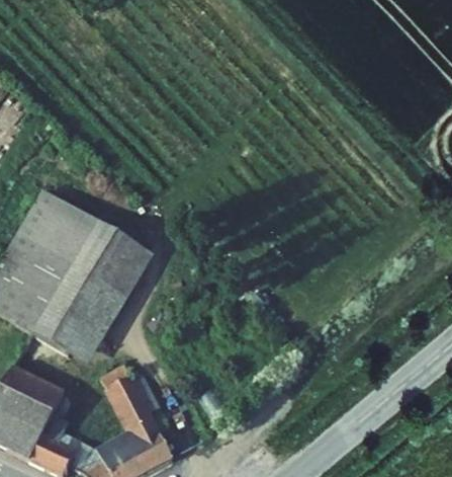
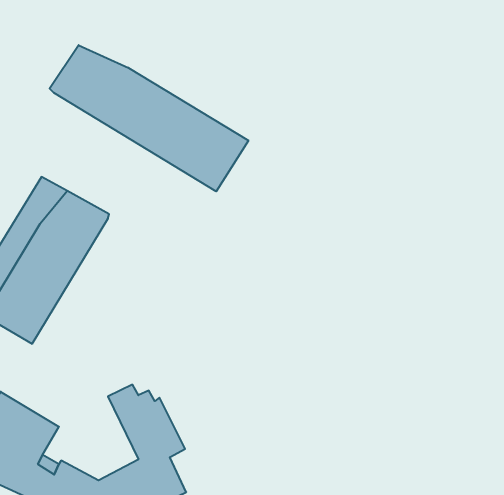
building: none -> [50,45,248,191]
building: [36,224,153,363] -> none

